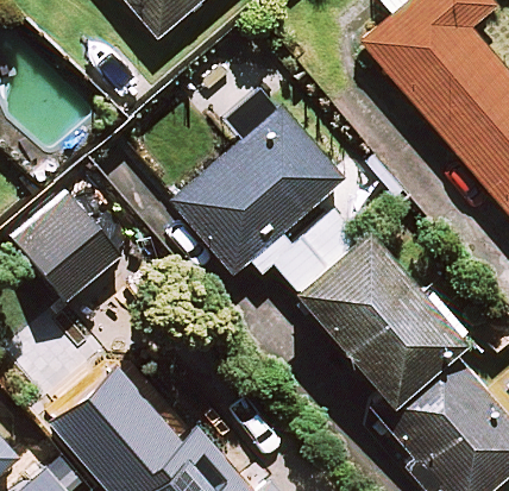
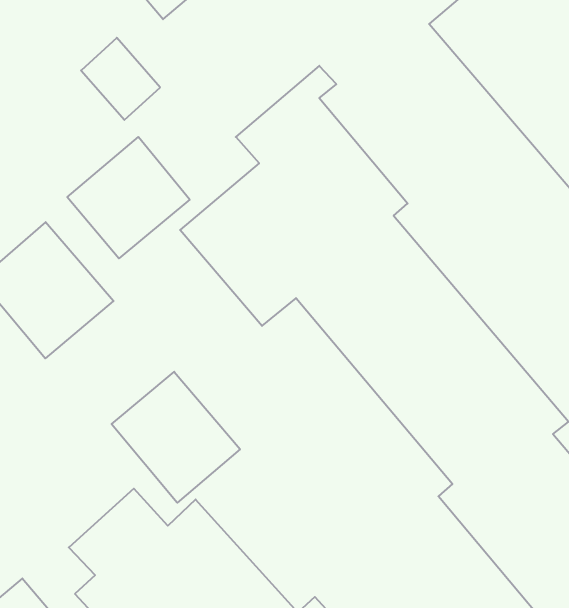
building: none -> [67,137,190,258]
building: none -> [112,372,240,503]

